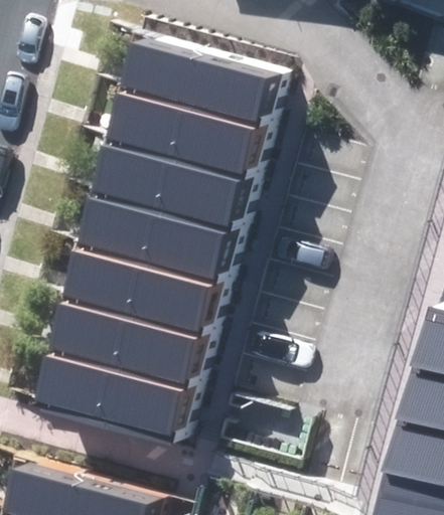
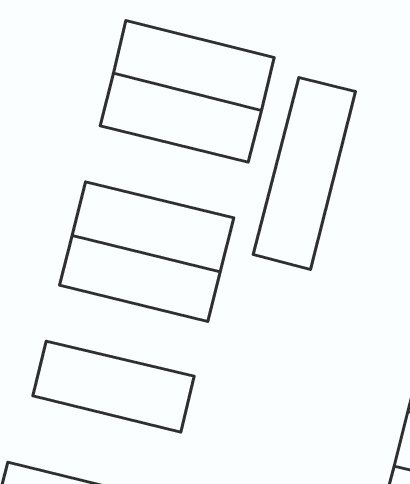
building: none -> [253,77,355,269]
building: [90,142,248,231] -> none
building: [51,297,208,385] -> none

